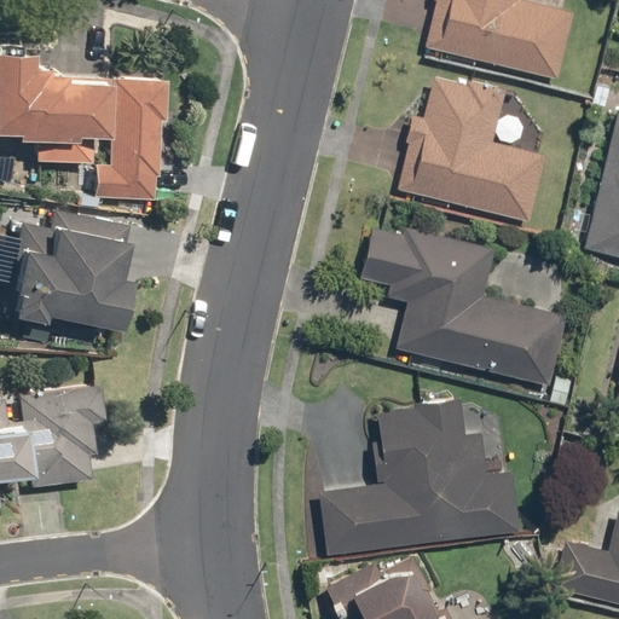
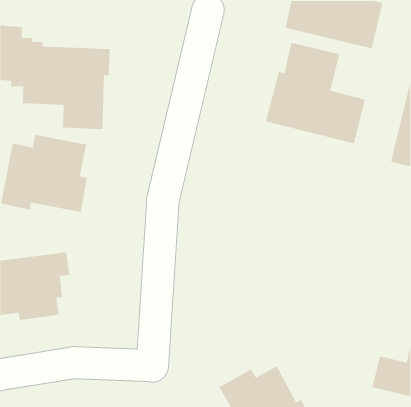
building: [361,226,568,387] -> none
building: [319,397,522,557] -> none

